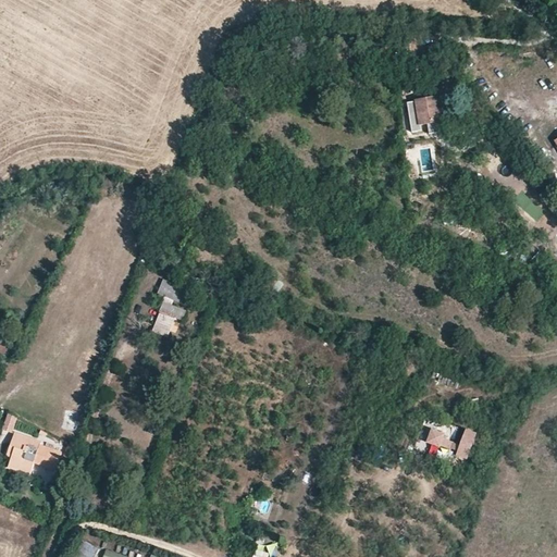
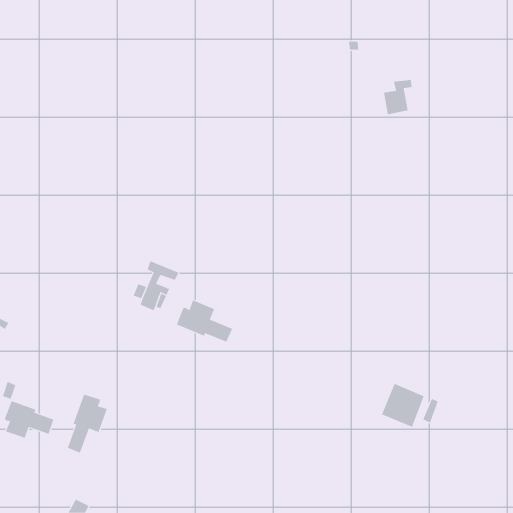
building: none -> [176,300,233,342]
building: none -> [67,394,108,453]

